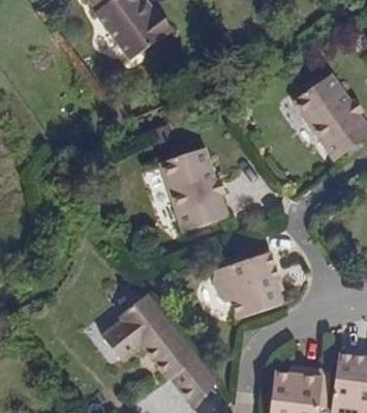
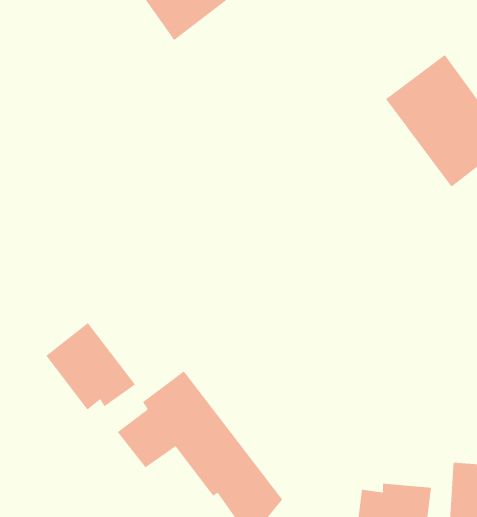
building: [158,150,227,233] -> none
building: [209,252,281,319] -> none
building: none -> [45,322,136,410]

